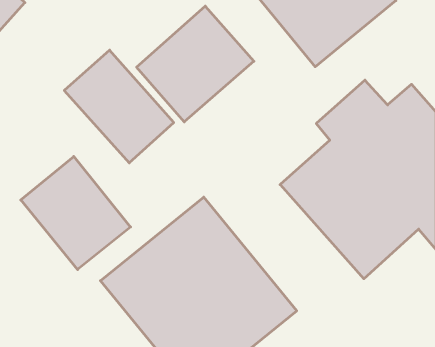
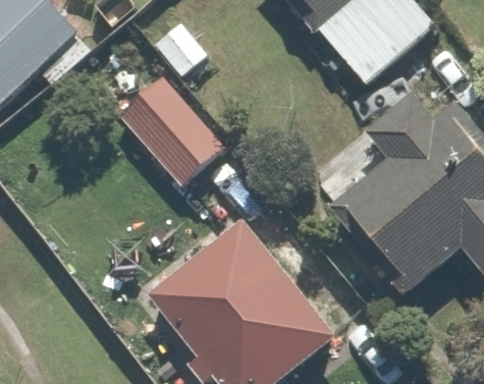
building: [137,6,254,122] -> none
building: [21,156,131,270] -> none

